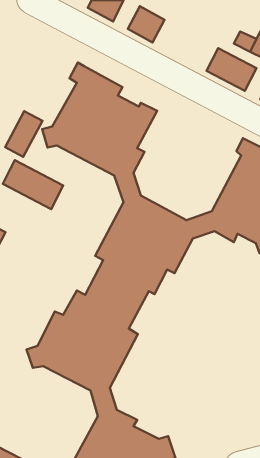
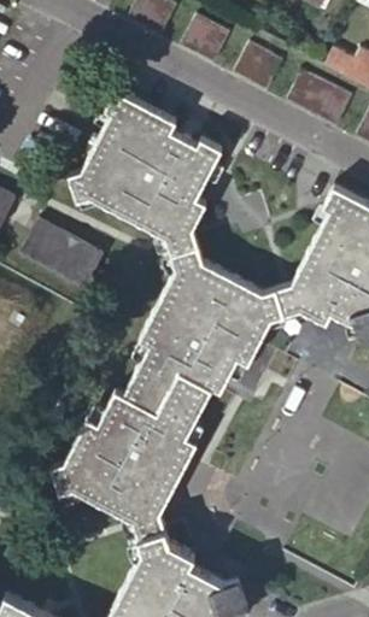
building: none -> [235,41,283,89]
building: [5,111,42,157] -> none

